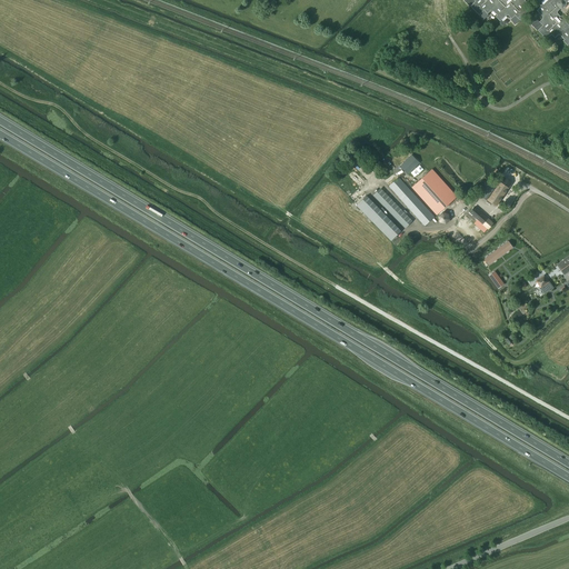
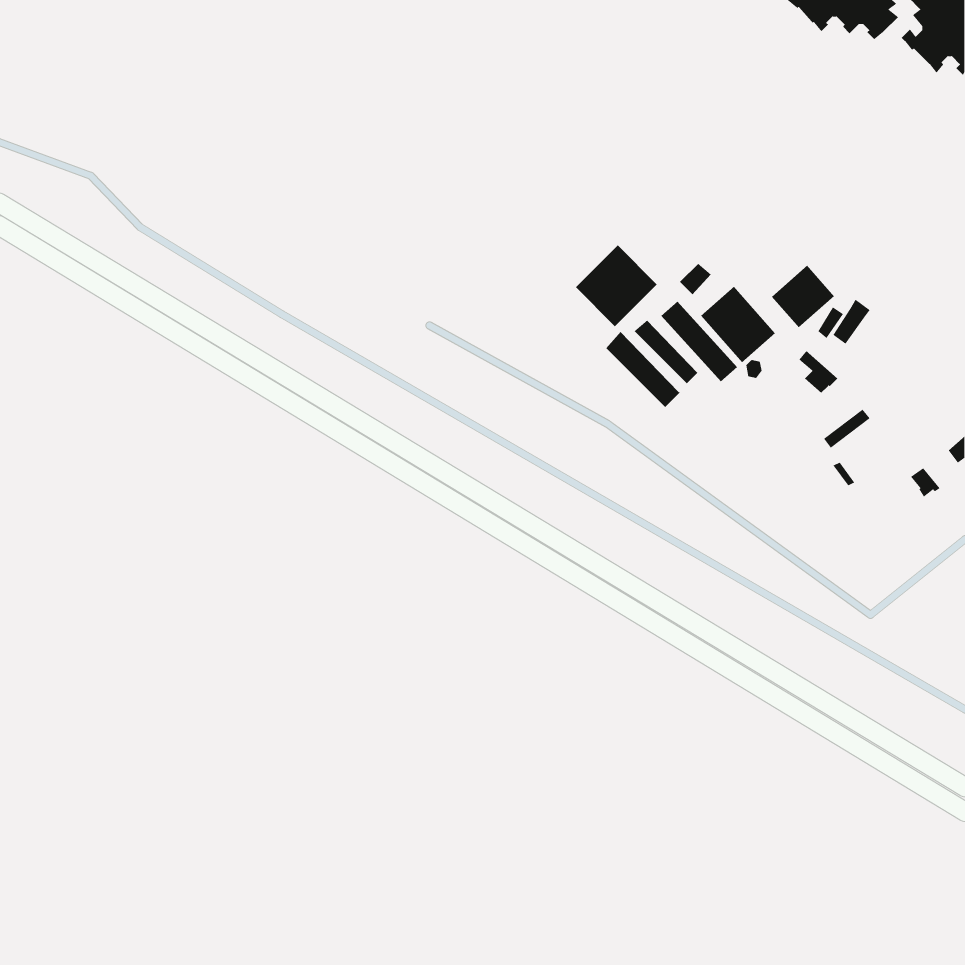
building: none -> [575,245,658,327]
building: none -> [771,265,835,328]

